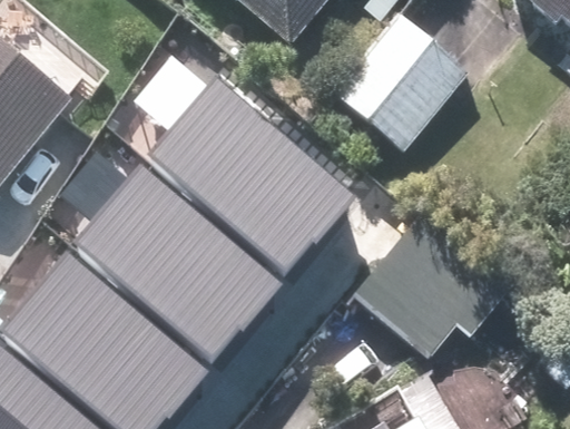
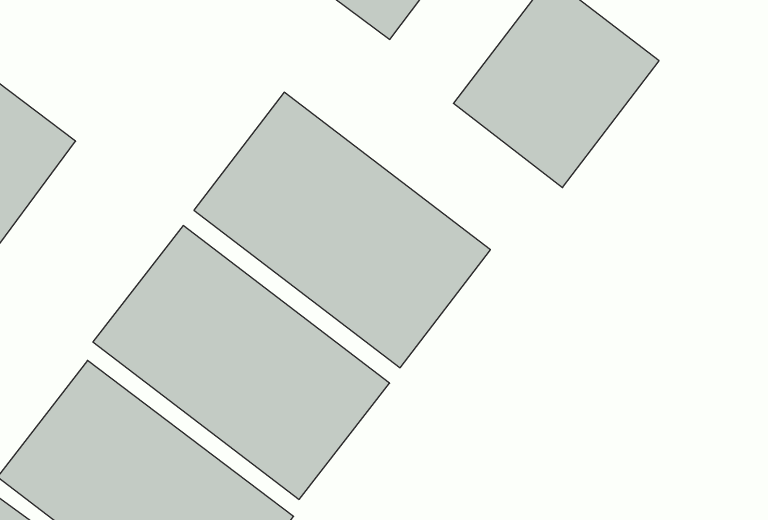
building: [348,215,509,362] -> none

